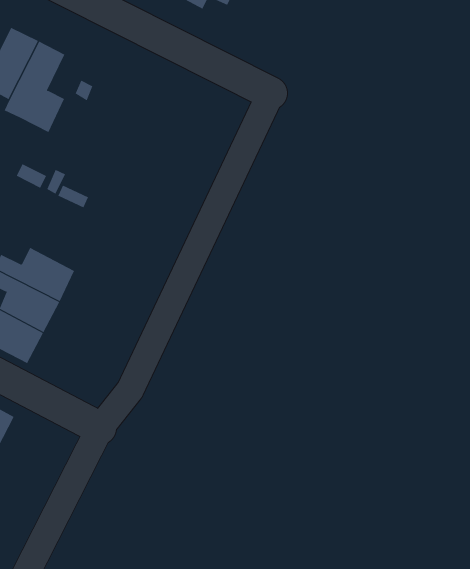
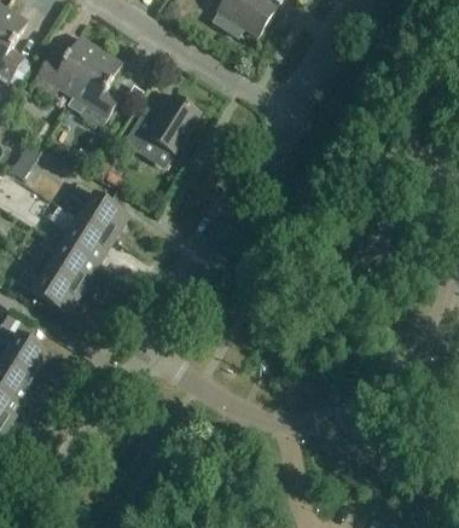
building: none -> [123,95,199,153]
building: none -> [70,184,129,242]

